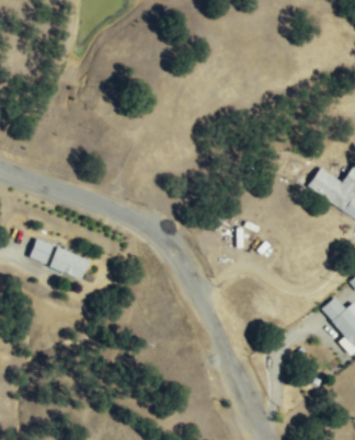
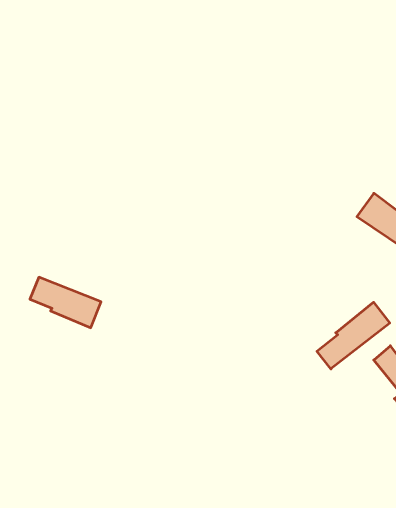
building: none -> [317,302,390,369]

